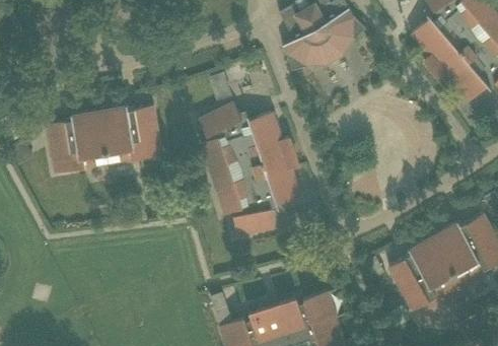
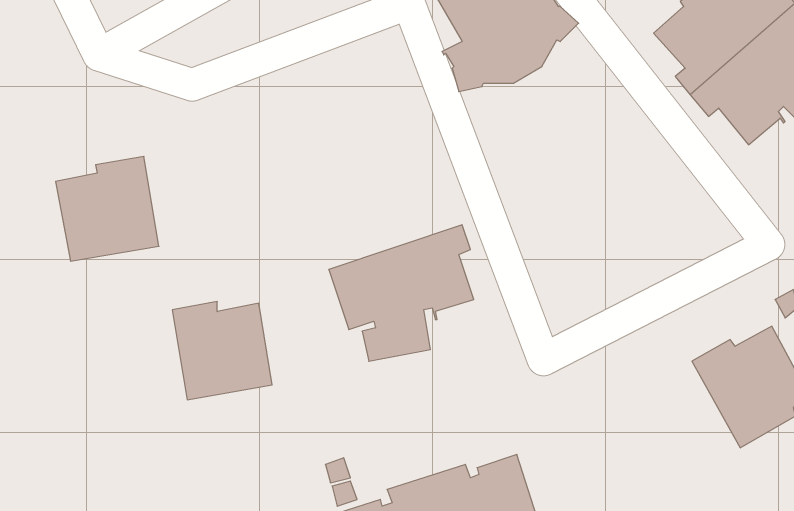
building: [199,102,294,178] -> none
building: [100,103,161,163] -> [172,302,272,400]
building: [388,233,464,308] -> none

